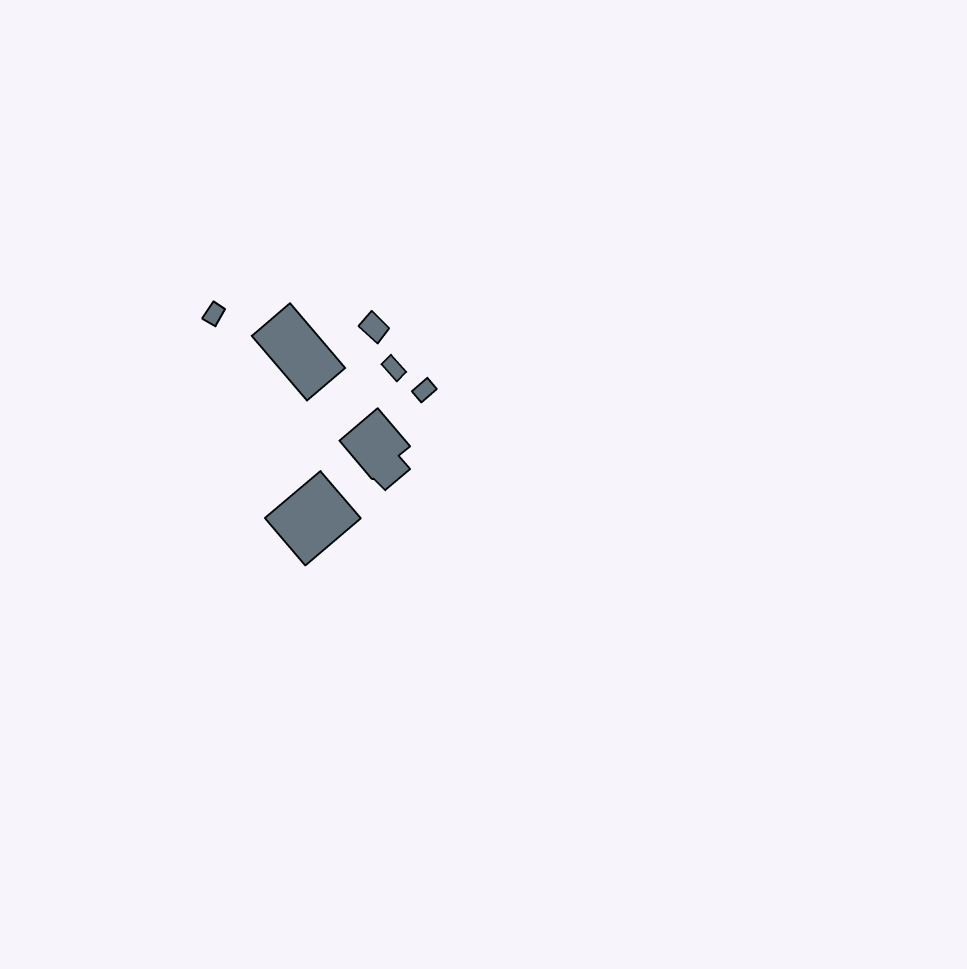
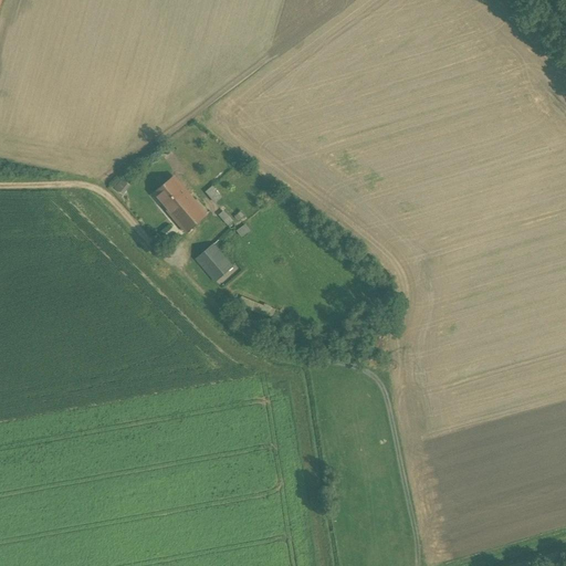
building: [265,471,361,565] -> none

